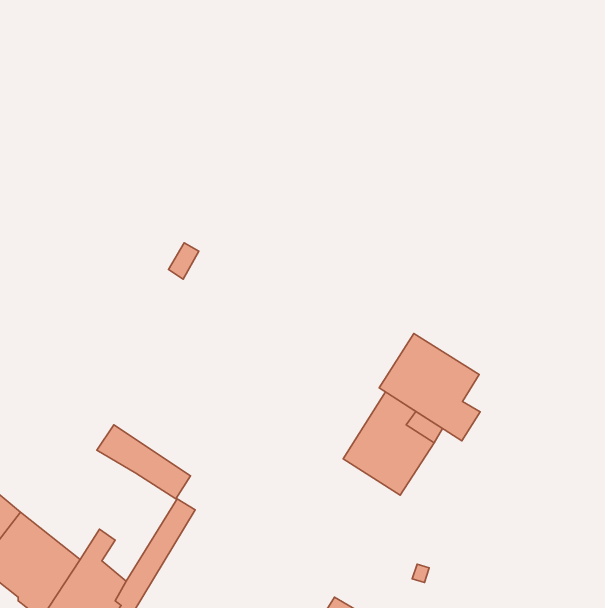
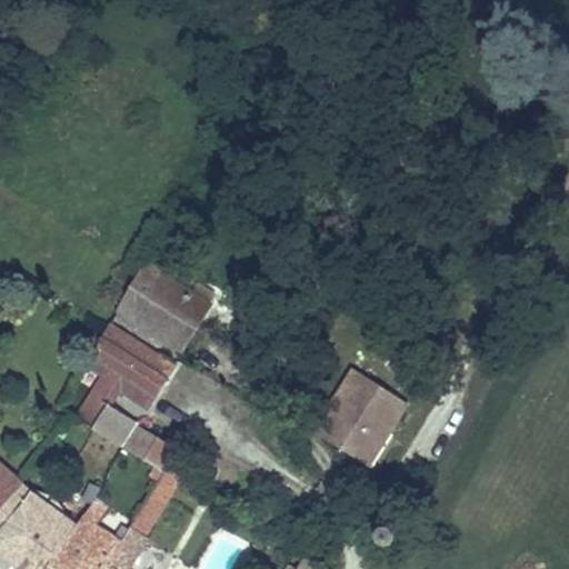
building: none -> [118,263,211,349]
building: [379,333,480,441] -> none
building: none -> [83,323,173,407]

